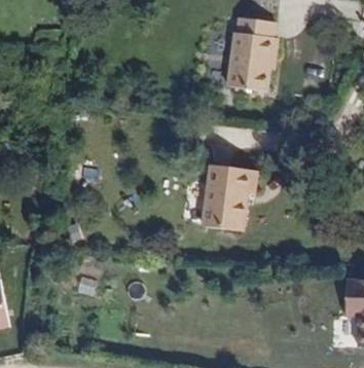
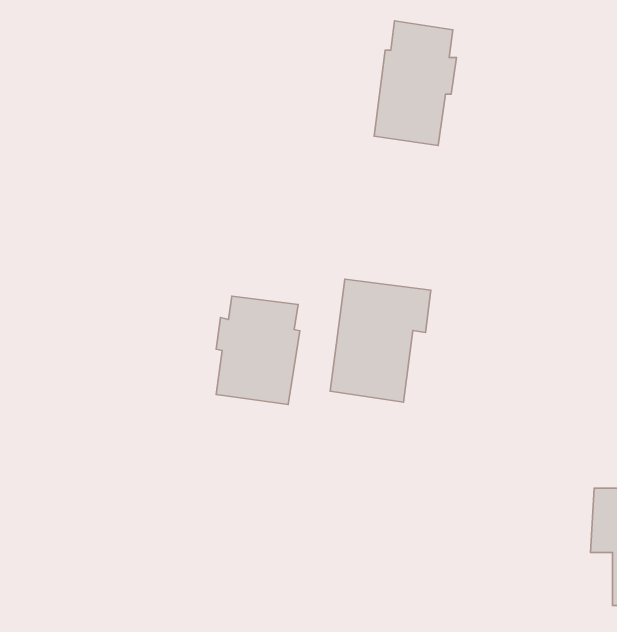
building: none -> [216,296,300,404]

